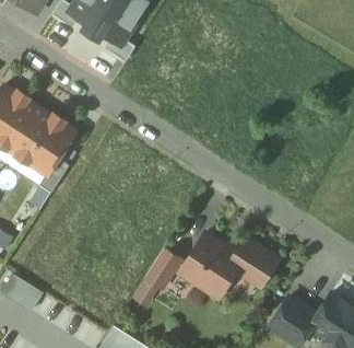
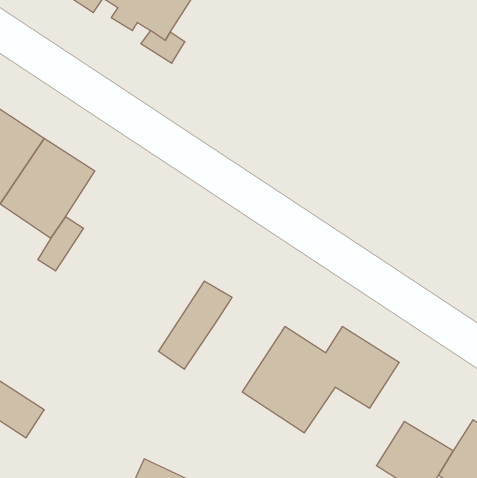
building: [135,252,185,311] -> [158,281,232,369]

